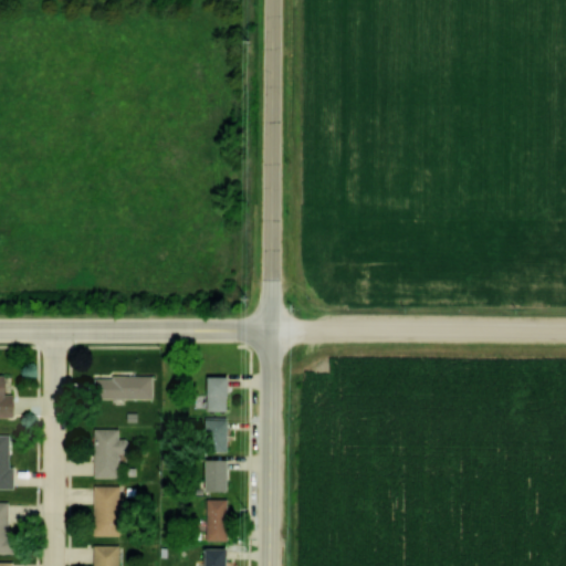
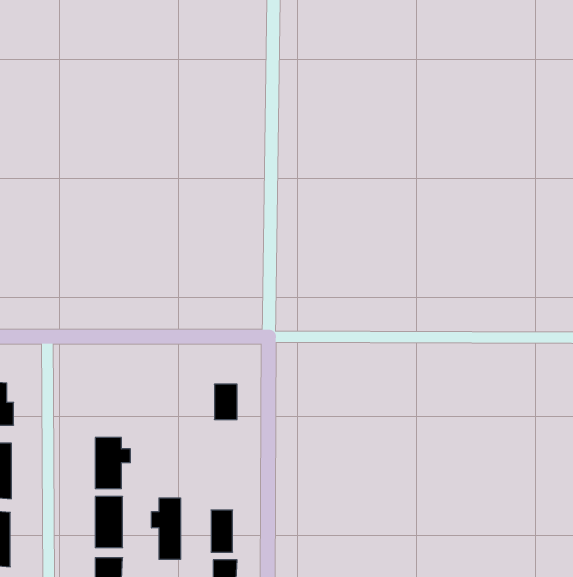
building: [94,377,151,399] -> none
building: [208,418,232,452] -> none
building: [207,460,231,491] -> none
building: none -> [152,498,180,559]

